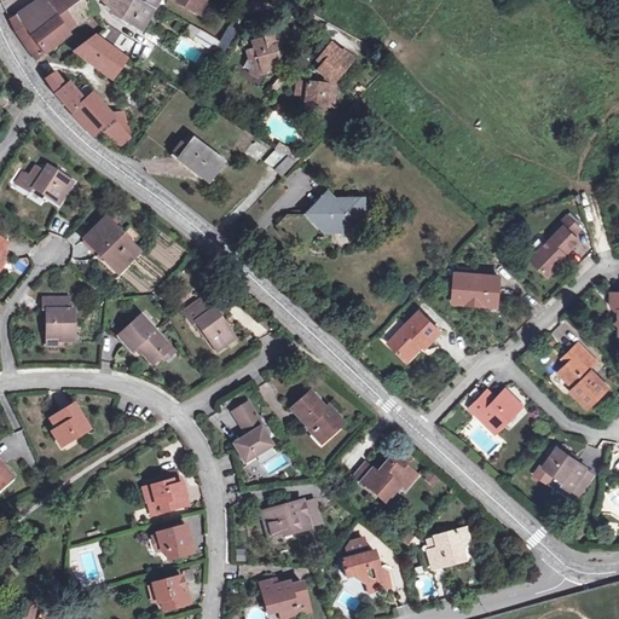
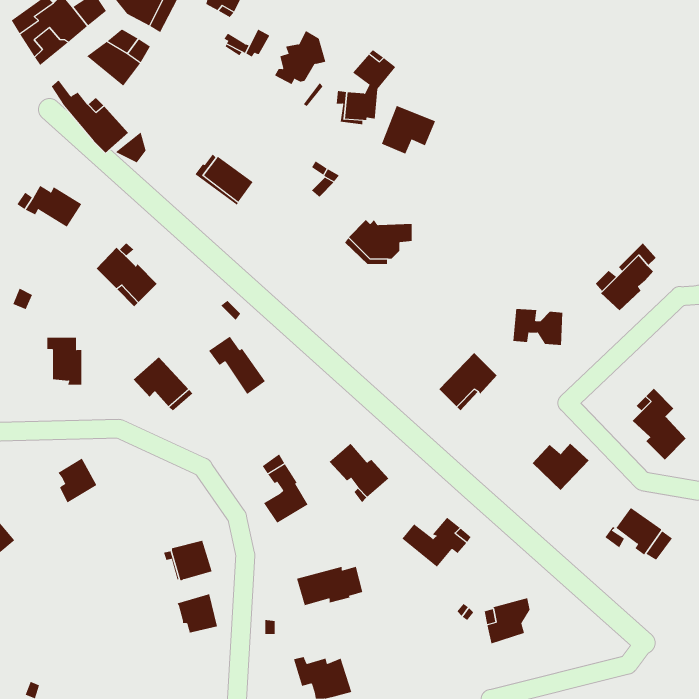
building: none -> [381,105,436,154]
building: [340,536,391,591] -> none
building: [152,575,189,609] -> none

